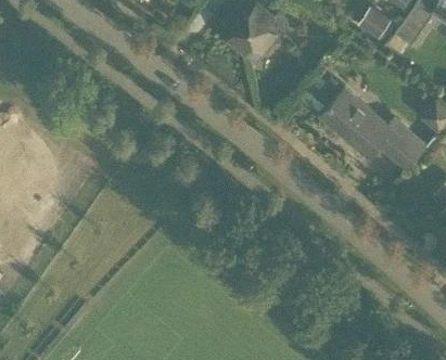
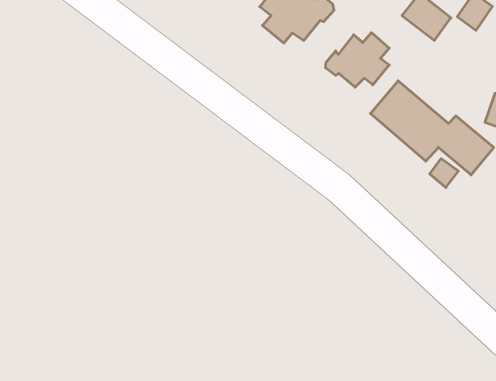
building: none -> [326,33,389,87]

